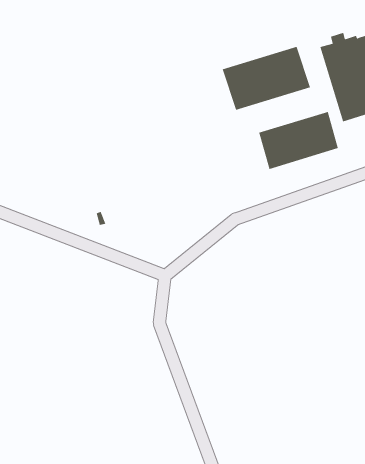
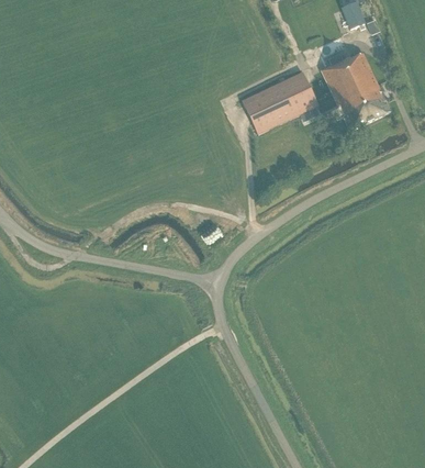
building: [259,111,339,170] -> none

